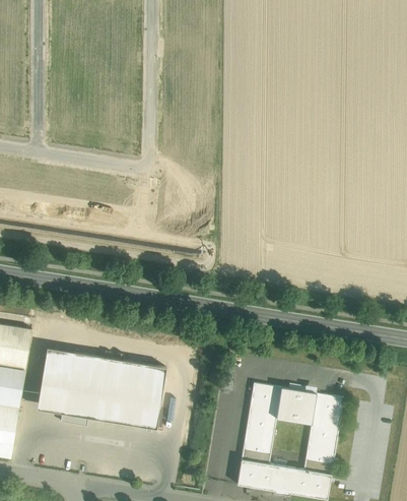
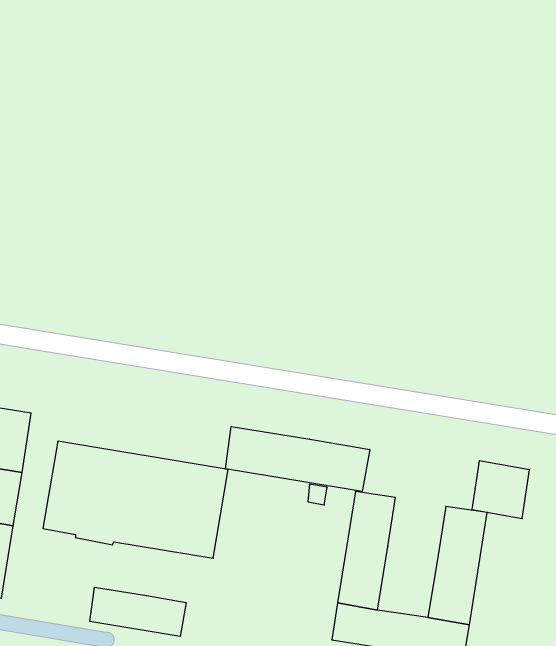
building: none -> [225,426,370,492]
building: [275,387,315,427] -> [472,461,530,519]
building: none -> [90,587,186,636]

